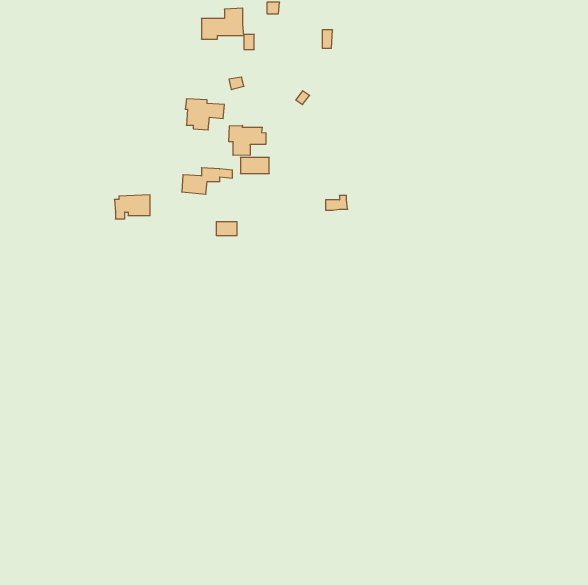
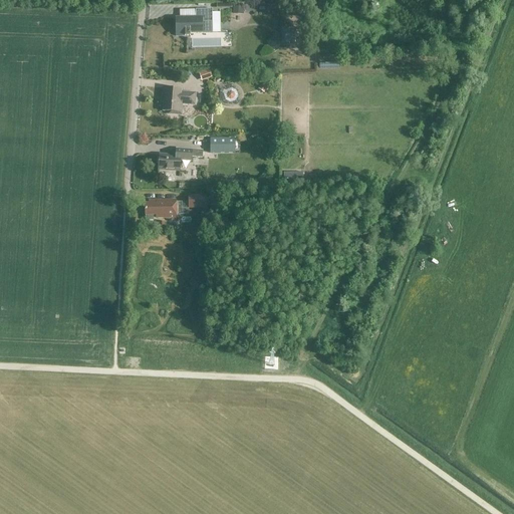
building: [229,125,266,155] -> none
building: [114,195,150,219] -> [145,198,176,219]

